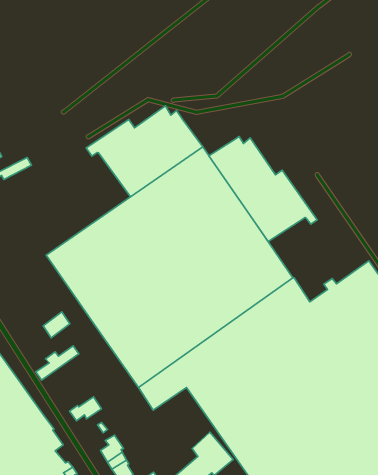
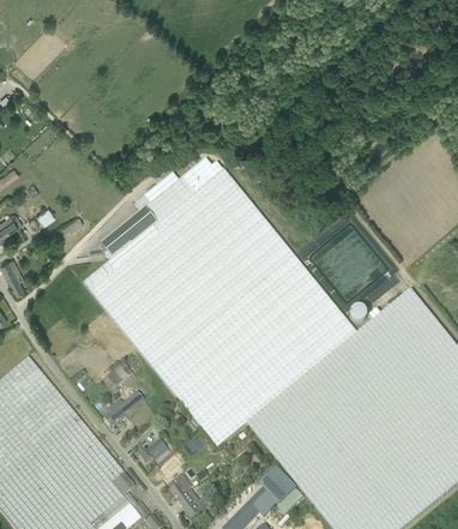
building: [209,136,317,241] -> none
building: none -> [84,206,180,307]

